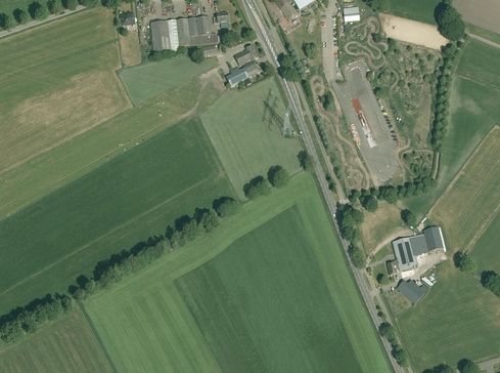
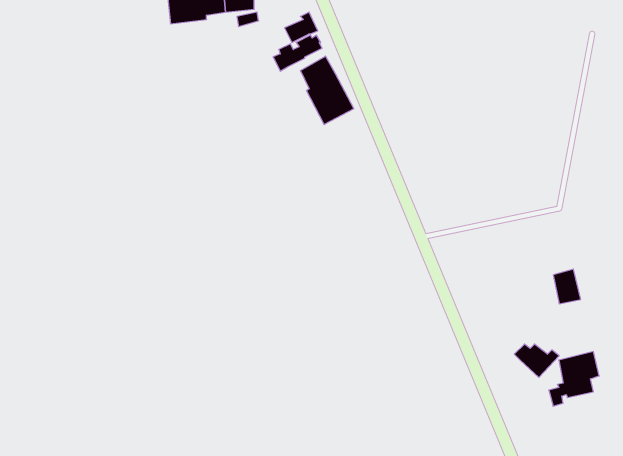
building: none -> [300,56,354,125]
building: [387,236,422,275] -> [549,351,599,406]

